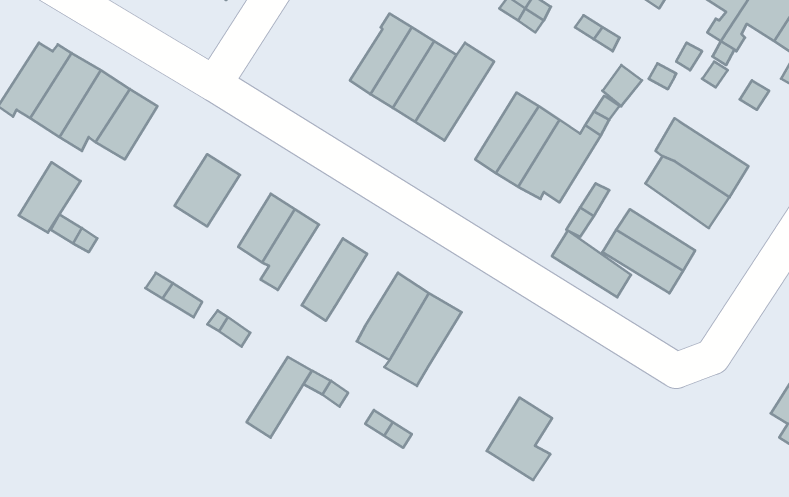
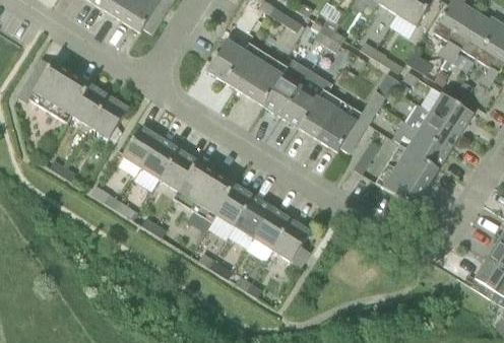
building: none -> [206,39,245,81]
building: none -> [281,70,328,128]
building: none -> [421,87,474,132]
building: [19,162,81,233] -> [92,96,129,138]
building: none -> [141,137,179,180]
building: [552,230,631,297] -> [391,142,438,182]
building: none -> [216,184,254,226]
building: [247,357,312,438] -> [183,166,222,214]
building: [487,398,552,480] -> [272,218,311,267]

